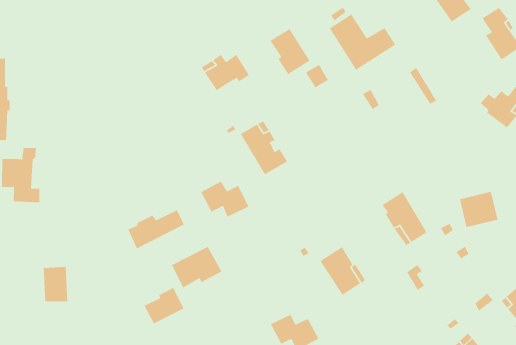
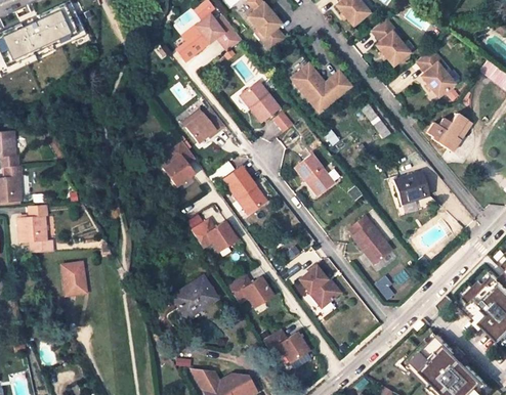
building: none -> [163,141,195,185]
building: none -> [295,155,335,192]
building: [459,191,499,228] -> [393,171,429,205]
building: [127,209,185,249] -> none
building: none -> [226,273,272,305]
building: [43,266,68,302] -> [61,262,86,295]
building: [144,287,185,325] -> none

